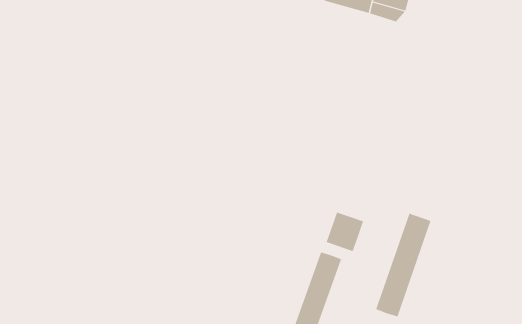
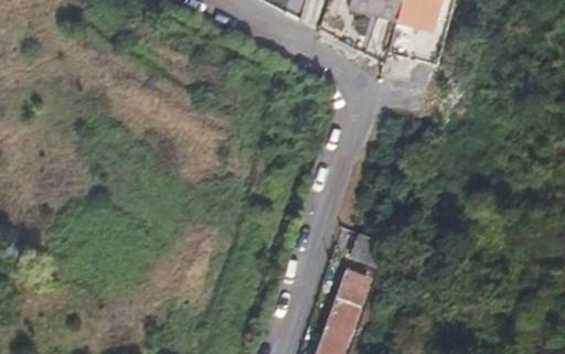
building: [376,213,431,317] -> none

